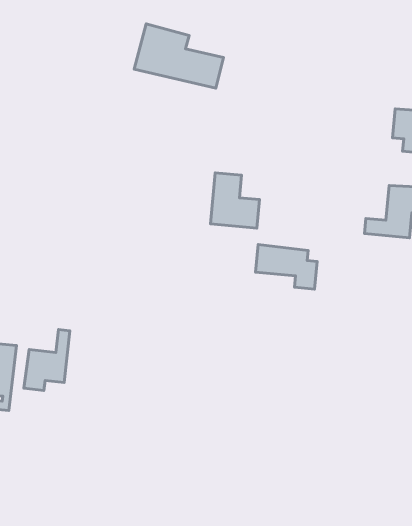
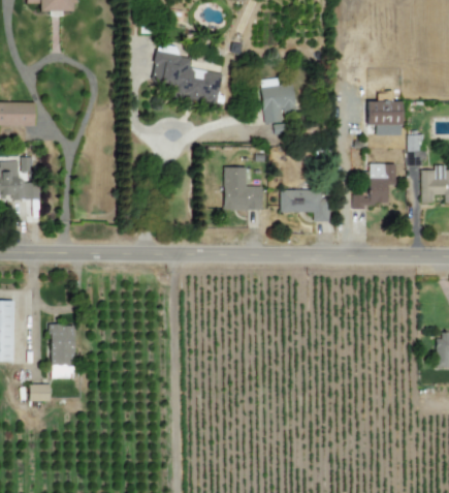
building: none -> [254,83,298,135]
building: [256,245,317,289] -> [282,189,331,221]
building: [24,329,70,391] -> none

